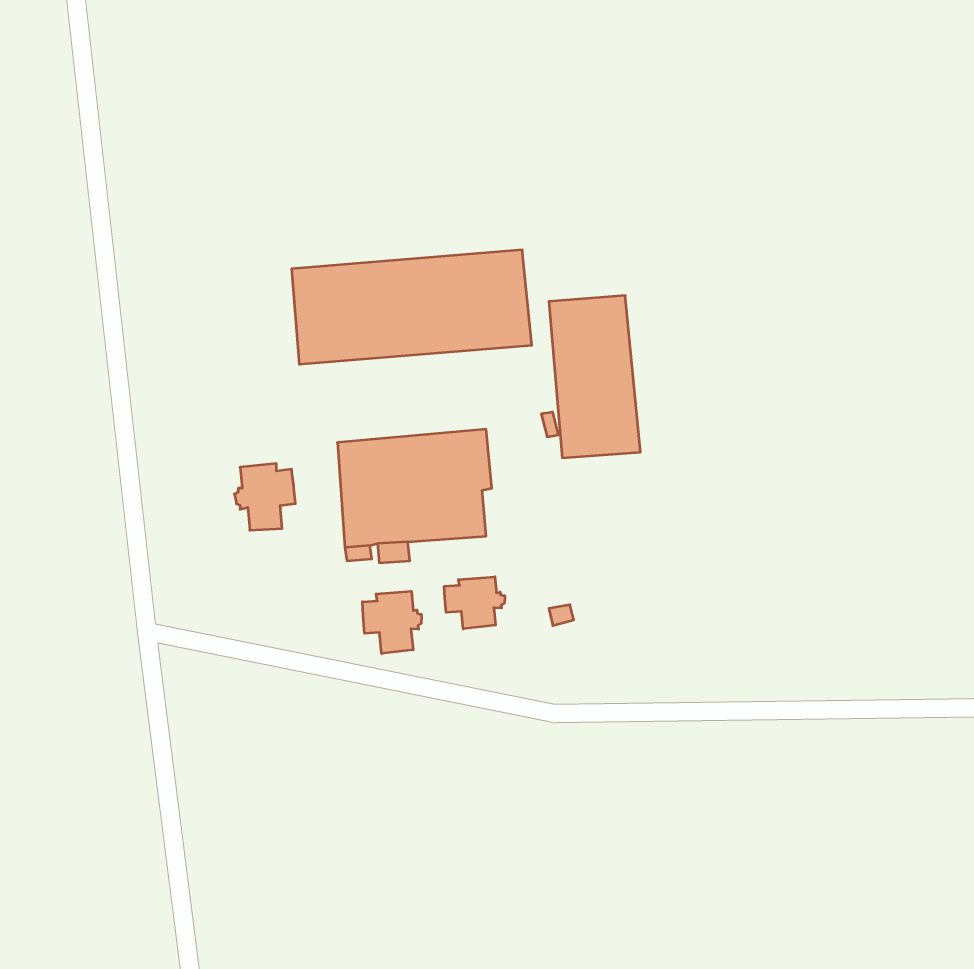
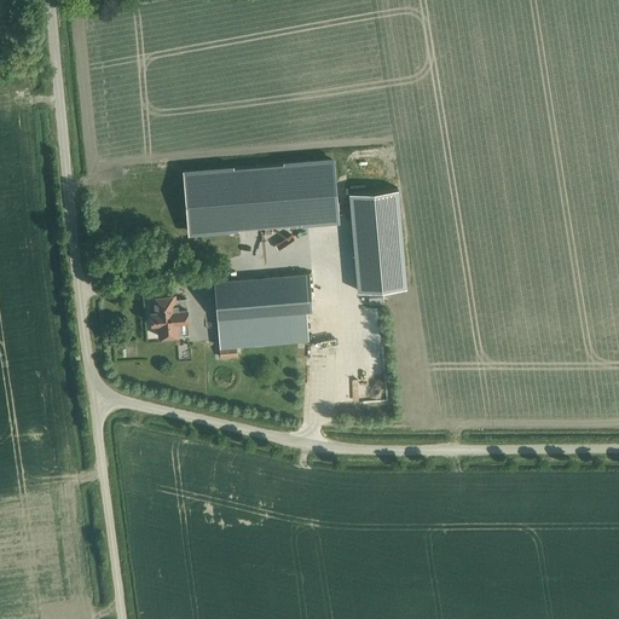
building: [444,577,505,629] -> none
building: [362,591,421,654] -> none

